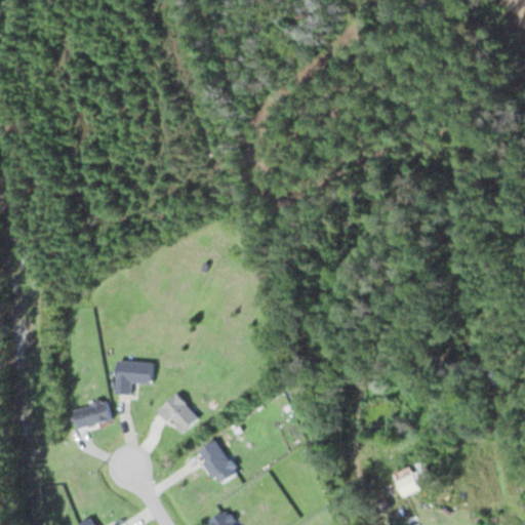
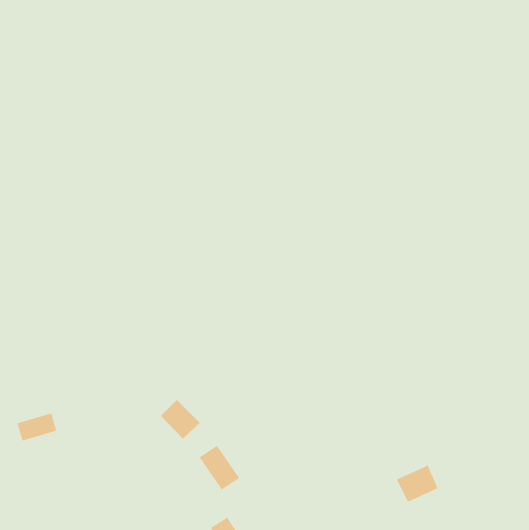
building: [115,361,152,395] -> none
building: [71,401,111,430] -> [17,412,57,442]

